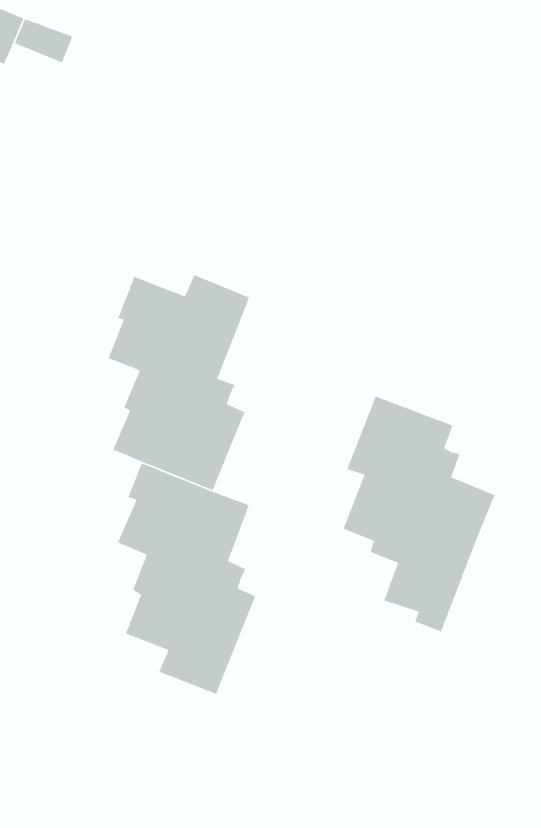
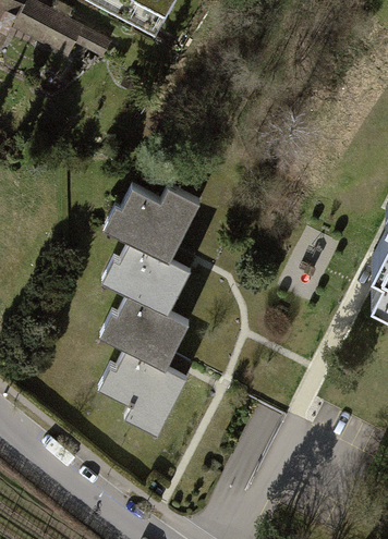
building: [342,396,496,633] -> none

